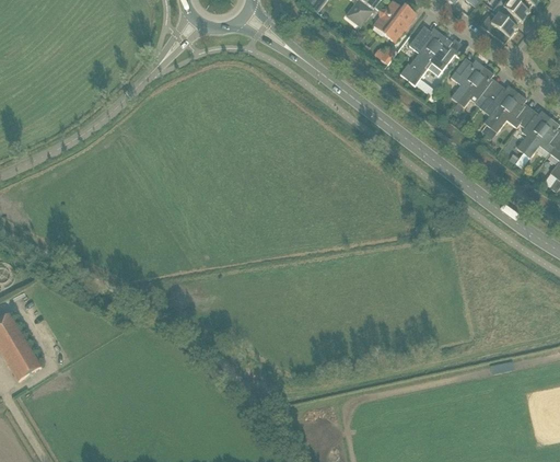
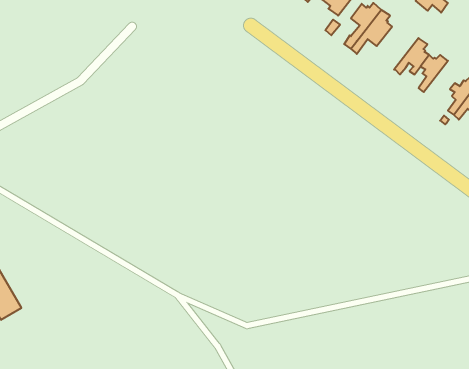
building: [451,58,485,101] -> none
building: [490,91,529,131] -> none

